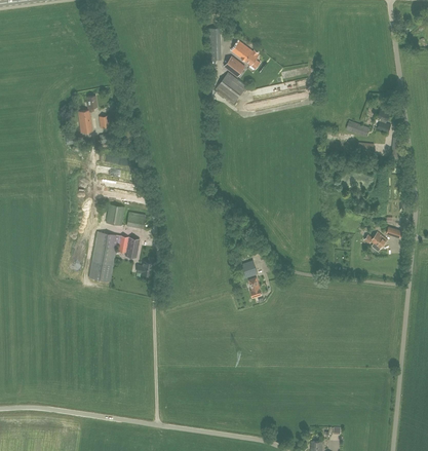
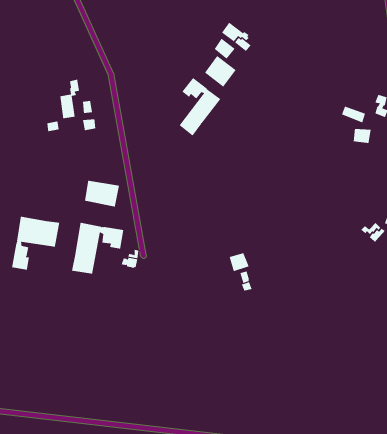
building: none -> [179,77,221,136]
building: none -> [11,216,60,271]

